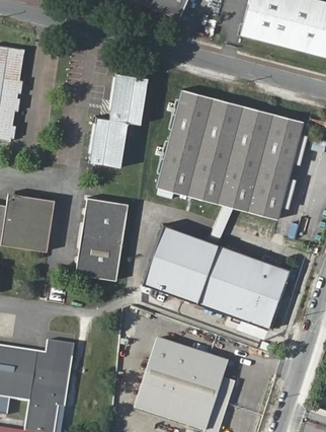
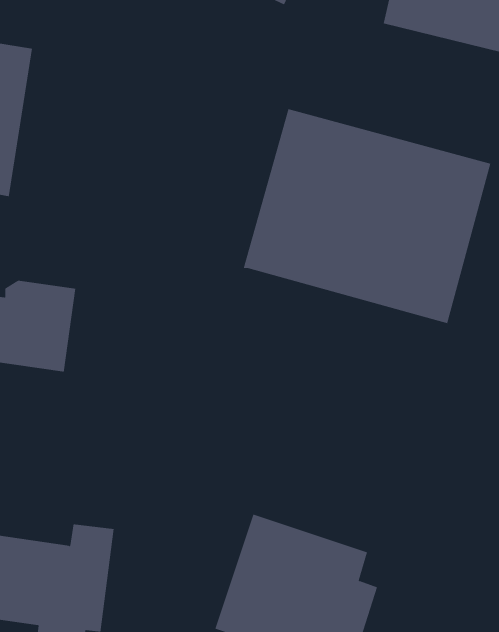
building: [89,73,147,168] -> none
building: [75,196,127,277] -> none
building: [143,222,291,328] -> none

